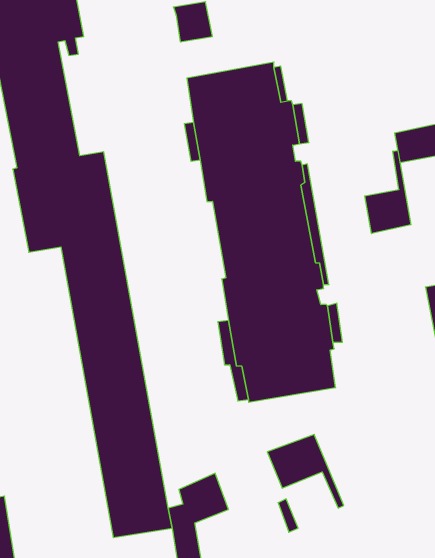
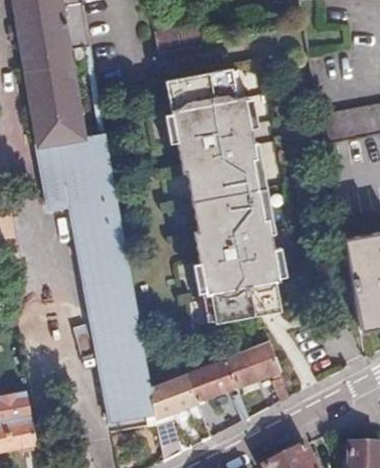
building: [365,151,411,234] -> none
building: none -> [187,359,237,403]

